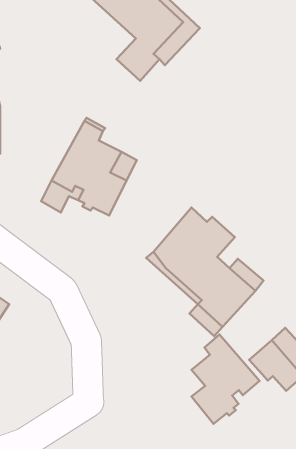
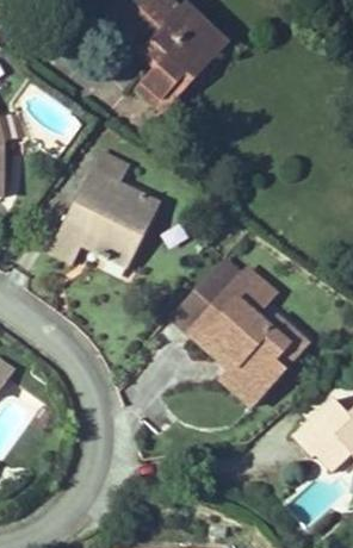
building: [191,335,259,424] -> none

